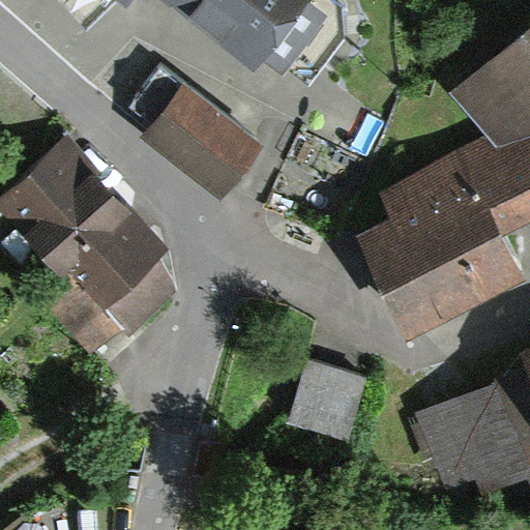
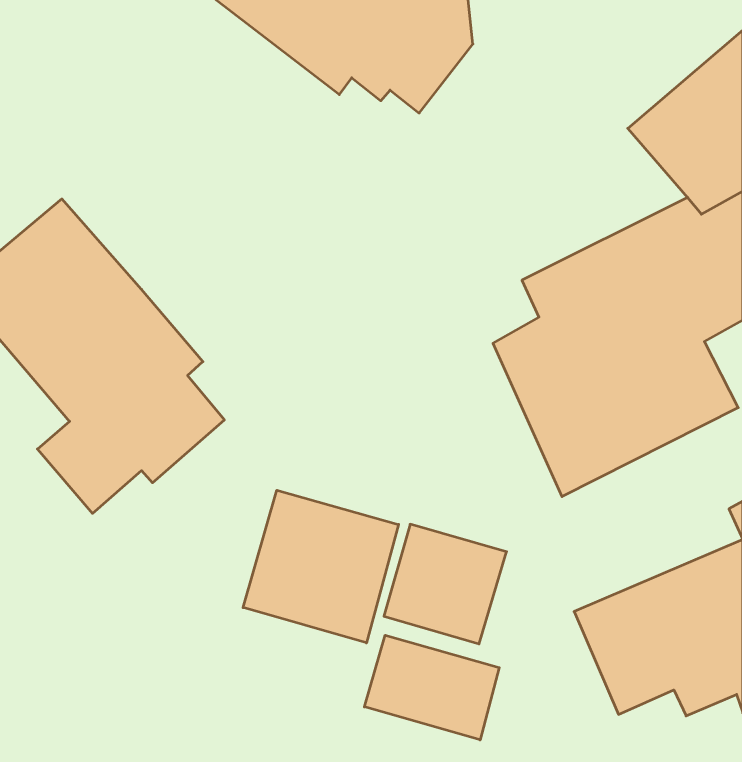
building: [128,63,264,199] -> none
building: none -> [243,490,399,643]
building: none -> [364,635,499,740]

